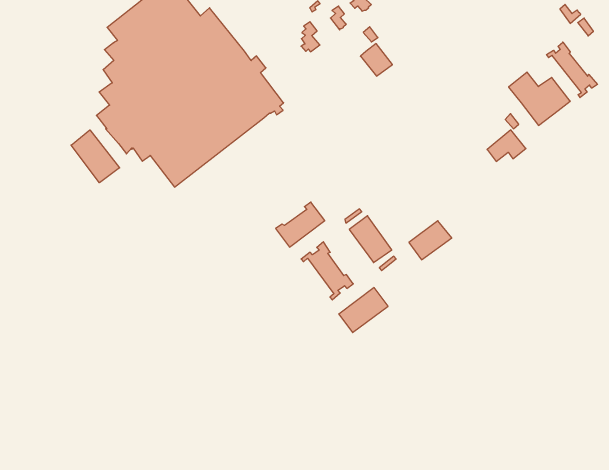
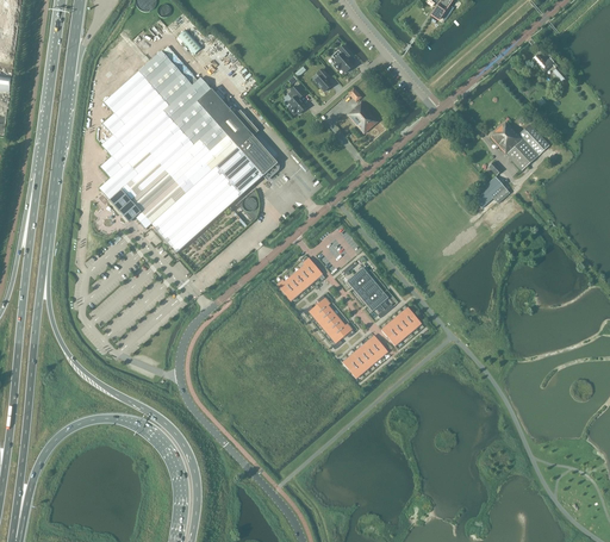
building: [547,42,597,98] -> none
building: [71,130,120,183] -> none
building: [409,221,452,260] -> [381,306,422,344]

